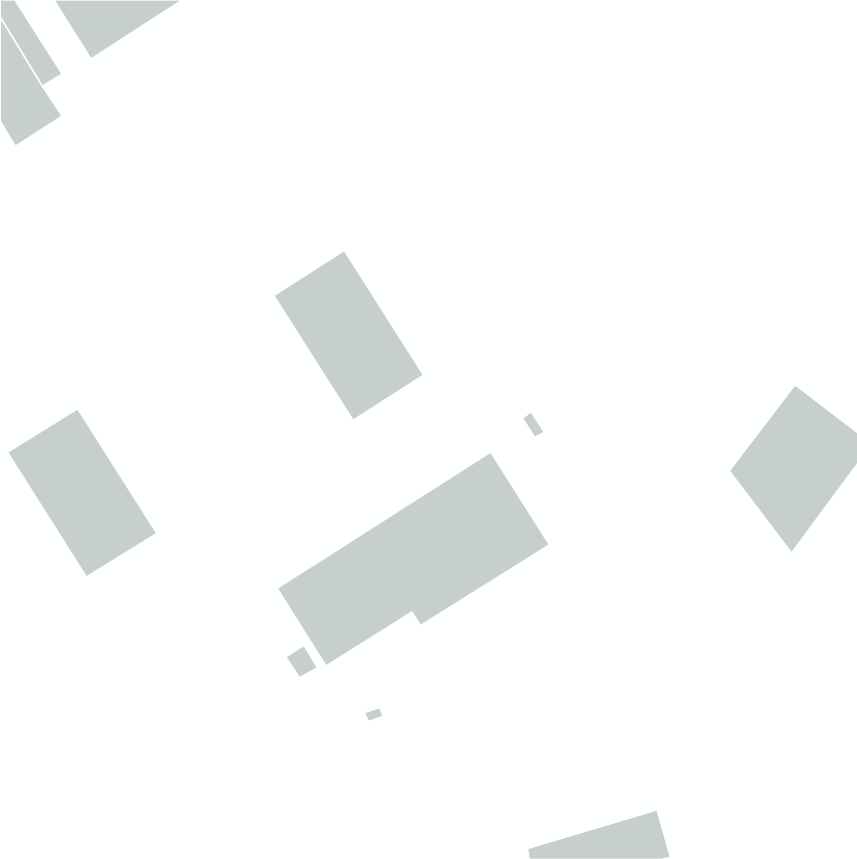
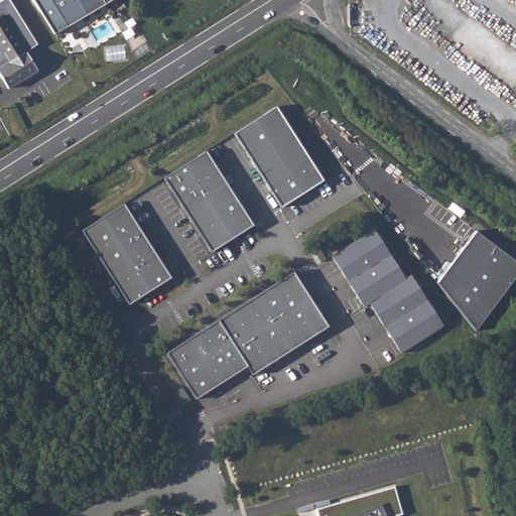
building: none -> [232,106,321,208]
building: none -> [332,229,445,353]
building: [7,409,157,577] -> [83,204,172,304]

